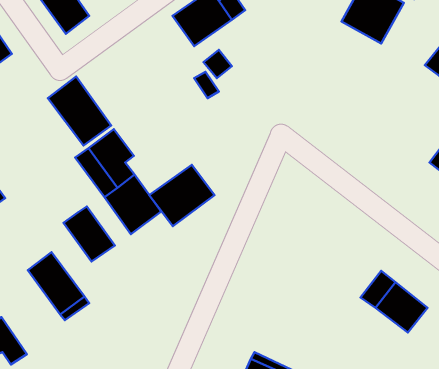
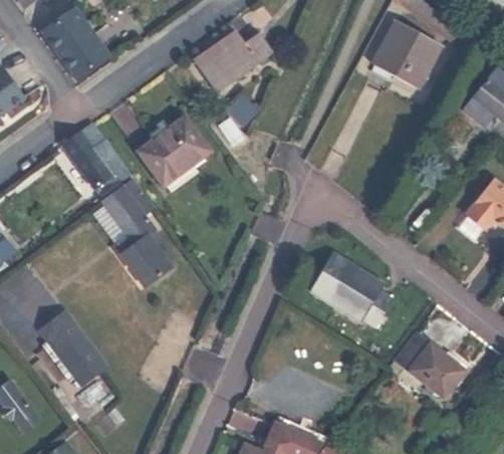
building: [149,165,214,226] -> [139,119,208,184]
building: none -> [315,256,399,330]
building: [64,206,115,262] -> none

